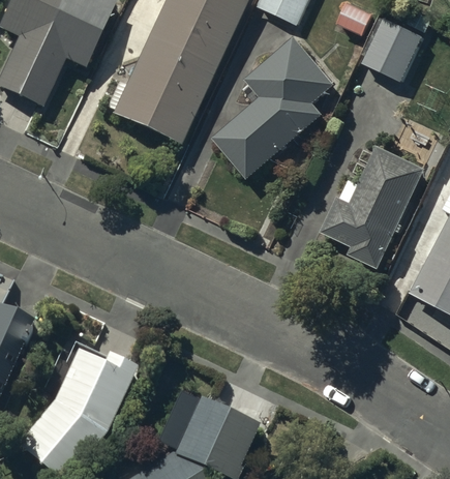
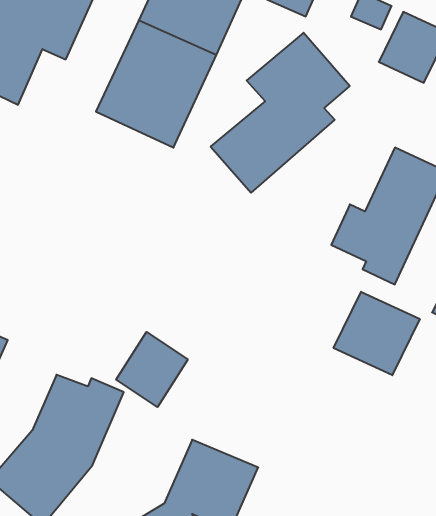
building: none -> [334,292,420,375]
building: none -> [116,332,188,407]

